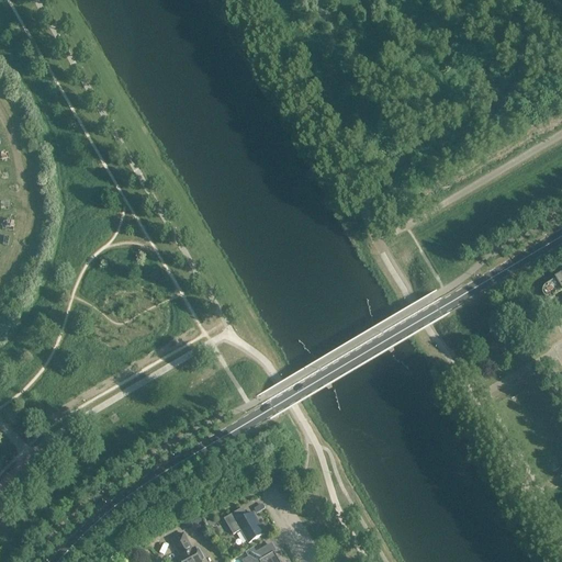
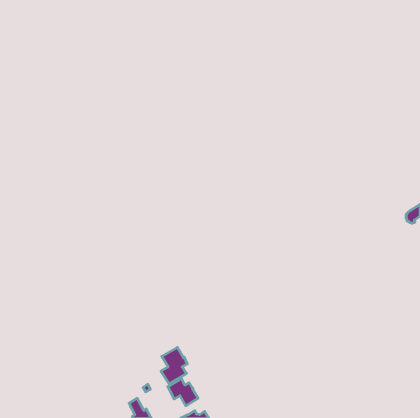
building: none -> [161,347,187,384]

